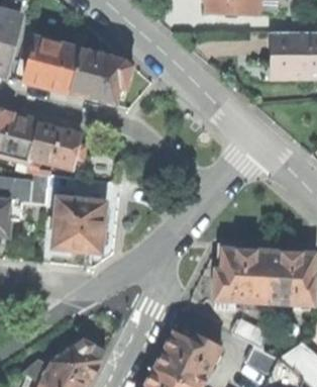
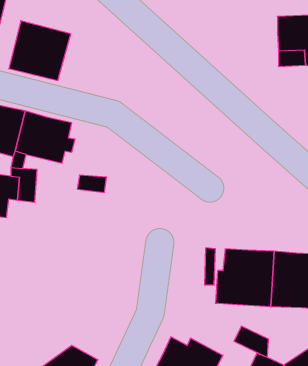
building: [69,46,133,105] -> none
building: [52,189,108,252] -> none

